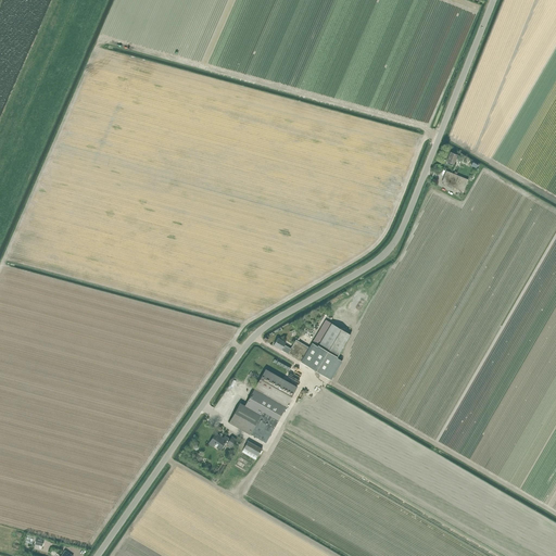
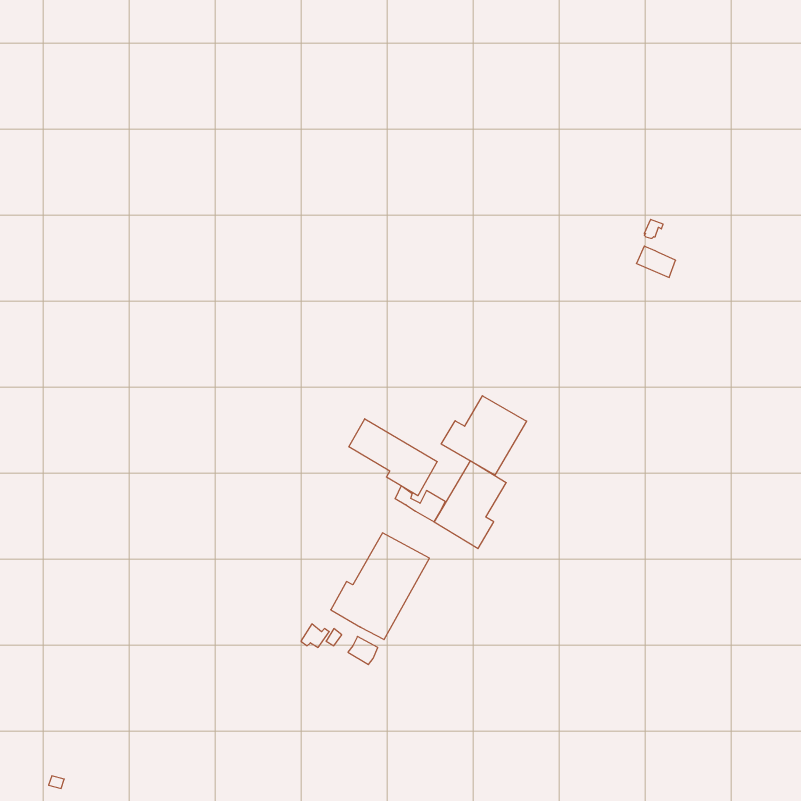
building: none -> [441,396,527,475]
building: none -> [349,419,437,496]

